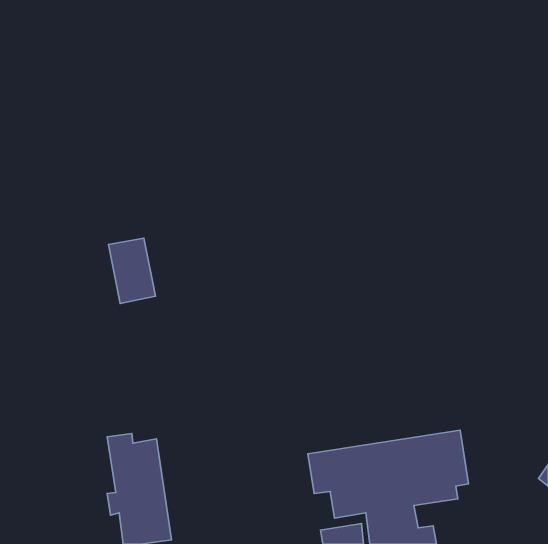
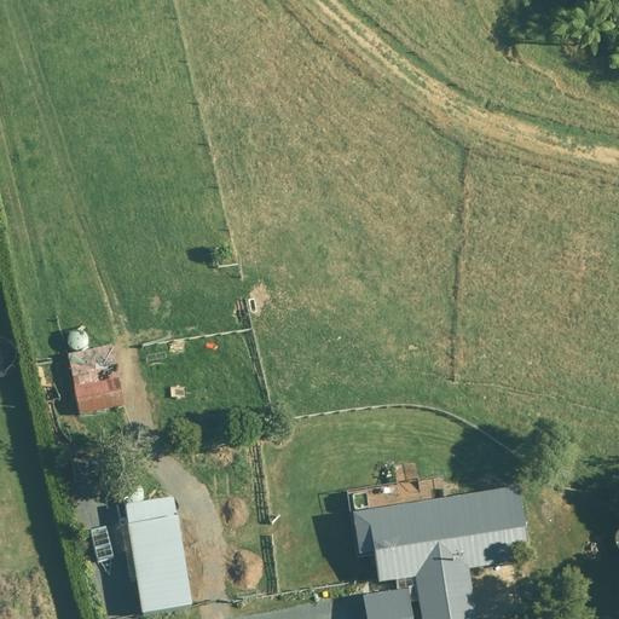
building: [108,238,156,304] -> [66,340,120,413]

